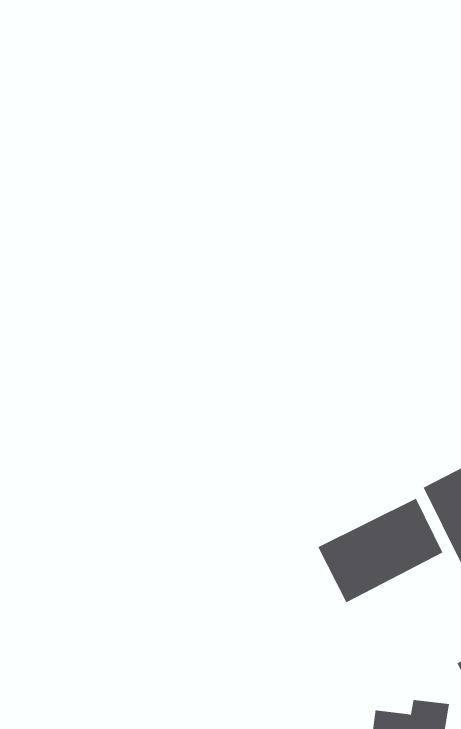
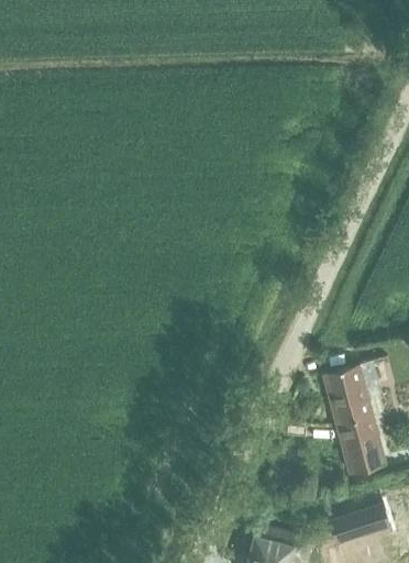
building: [318,498,443,603] -> none

